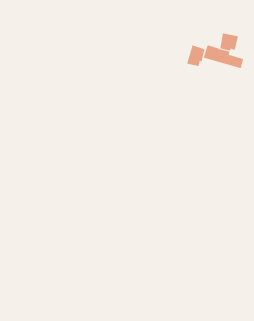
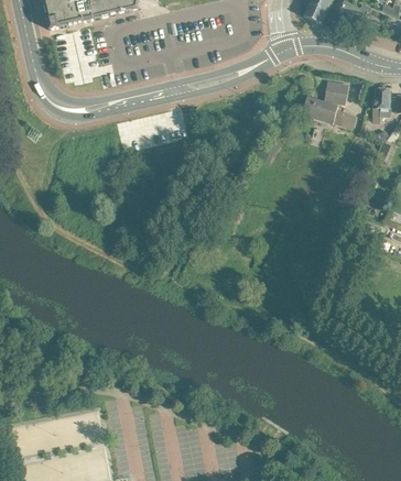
building: [187,44,205,67] -> none

